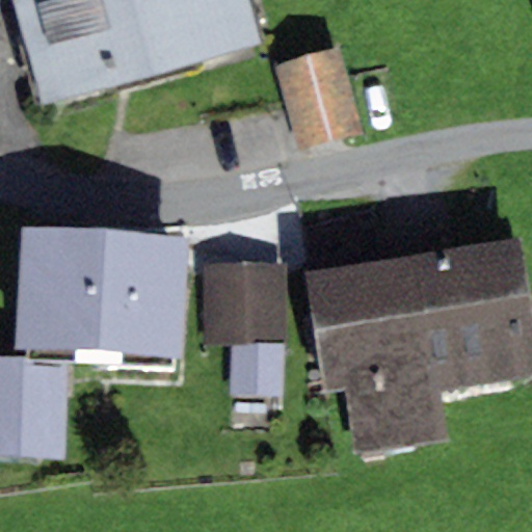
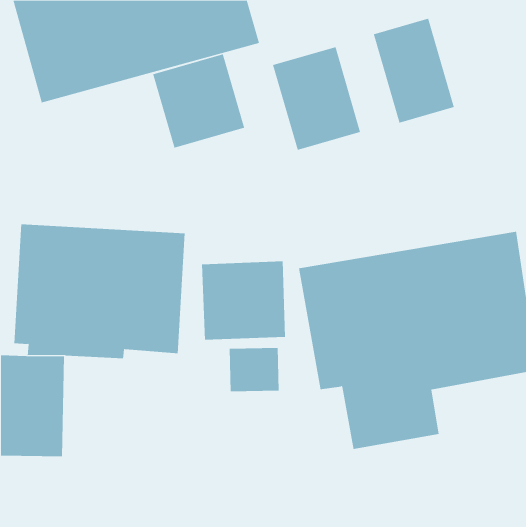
building: none -> [373,18,454,124]
building: none -> [152,53,245,149]

